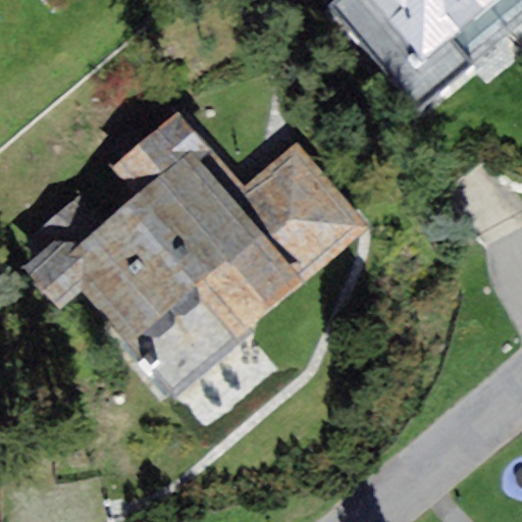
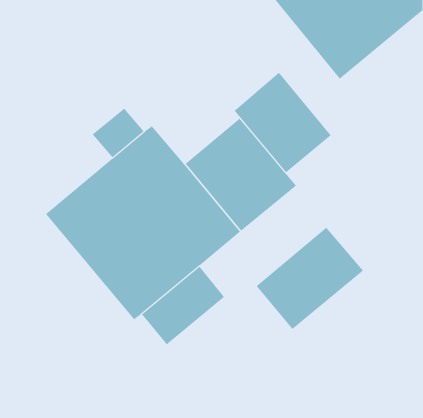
building: none -> [234,72,331,173]
building: none -> [256,227,364,330]

